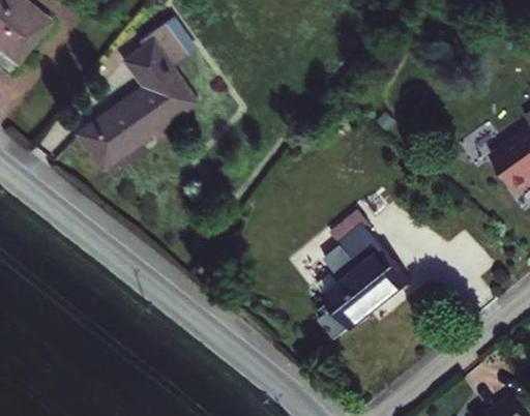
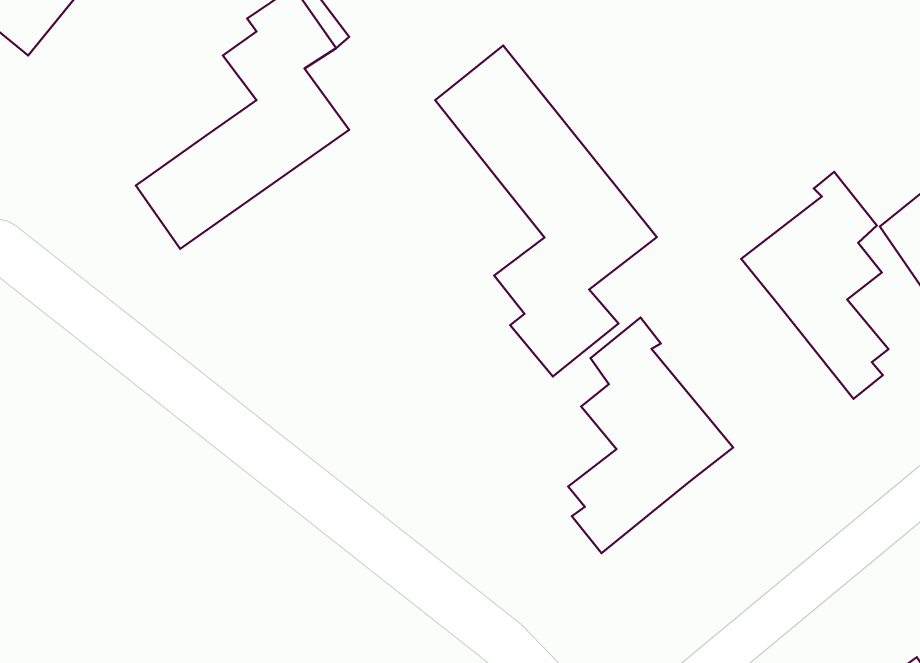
building: none -> [435,46,657,377]
building: none -> [741,172,888,399]

